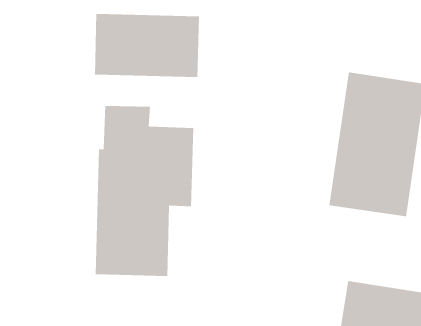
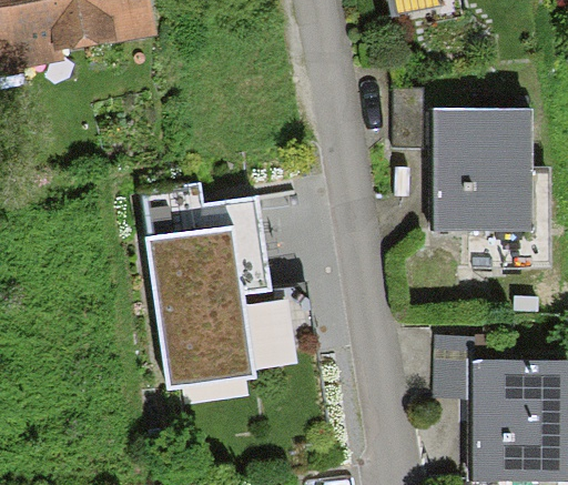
building: [95,13,200,78] -> none

